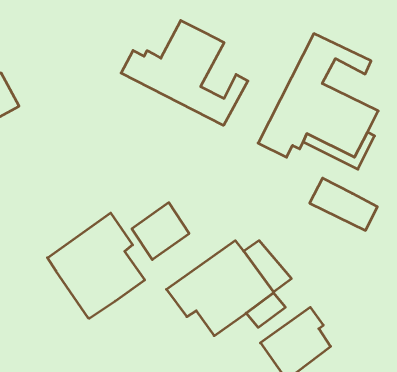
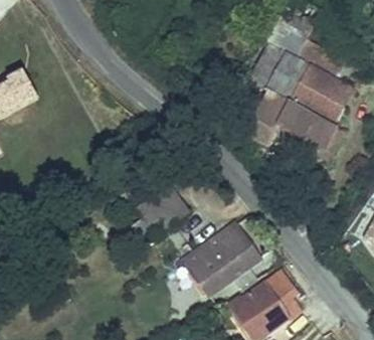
building: [121,20,248,125] -> none
building: [310,178,377,230] -> [294,59,351,104]
building: [47,213,145,318] -> none

